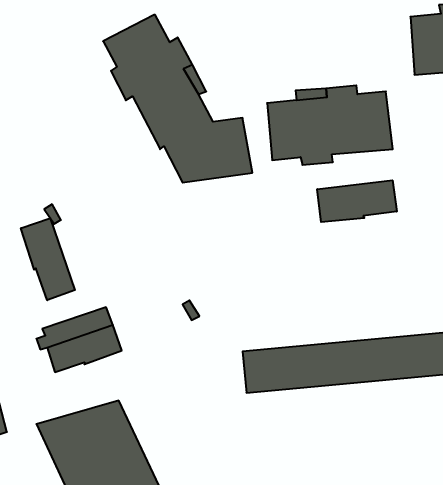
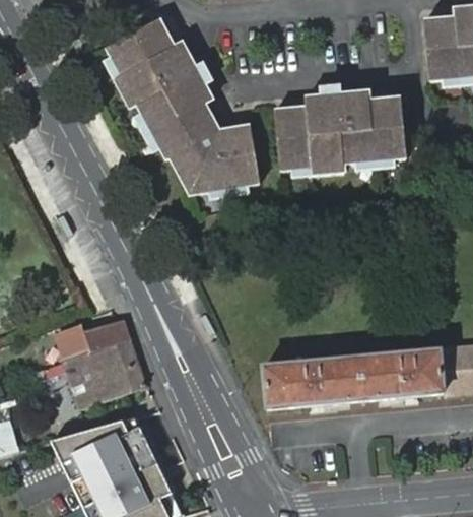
building: [317,180,397,222] -> none
building: [21,218,75,300] -> none
building: none -> [60,365,136,408]

